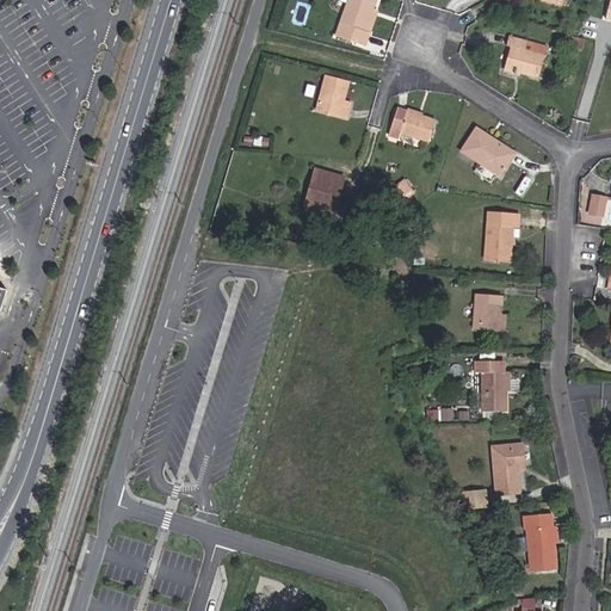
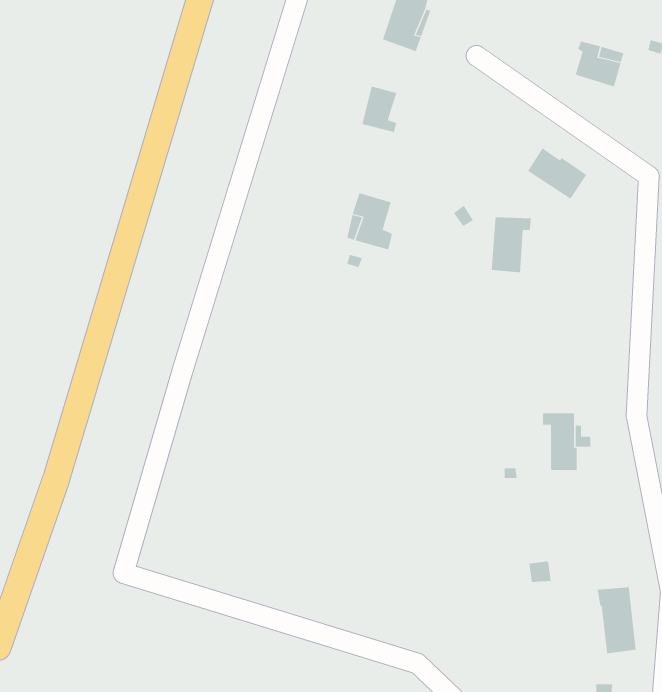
building: [388,106,436,140] -> none
building: [485,212,520,261] -> [491,217,532,273]
building: [473,292,502,329] -> none
building: [493,443,524,493] -> none

